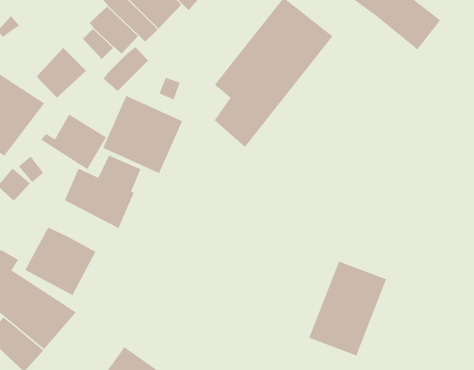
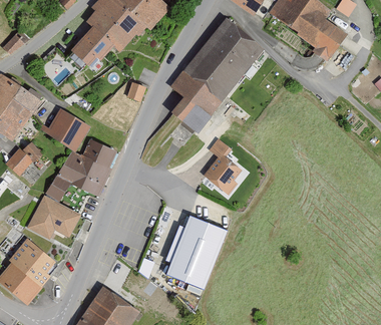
building: [102,46,149,92] -> none
building: [36,47,87,99] -> none
building: [102,95,183,174] -> none
building: none -> [204,138,242,196]
building: none -> [44,175,69,202]
building: [308,260,387,356] -> [165,216,226,289]

